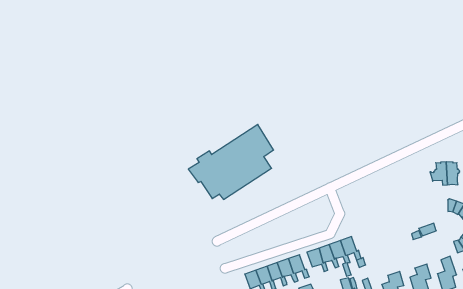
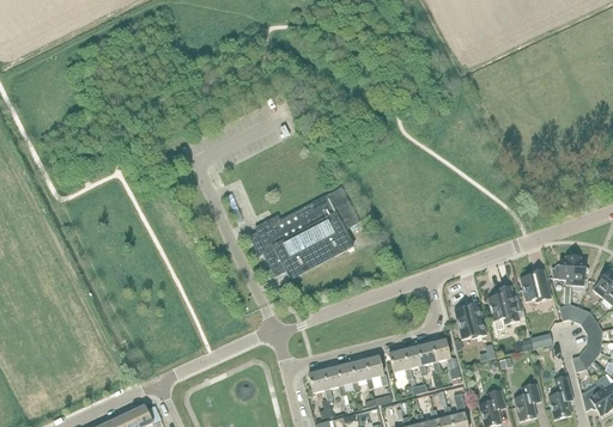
building: none -> [518,268,551,300]
building: none -> [487,286,520,329]
building: none -> [454,301,486,338]

